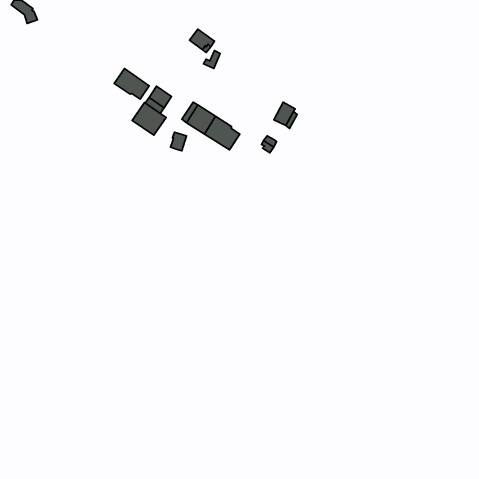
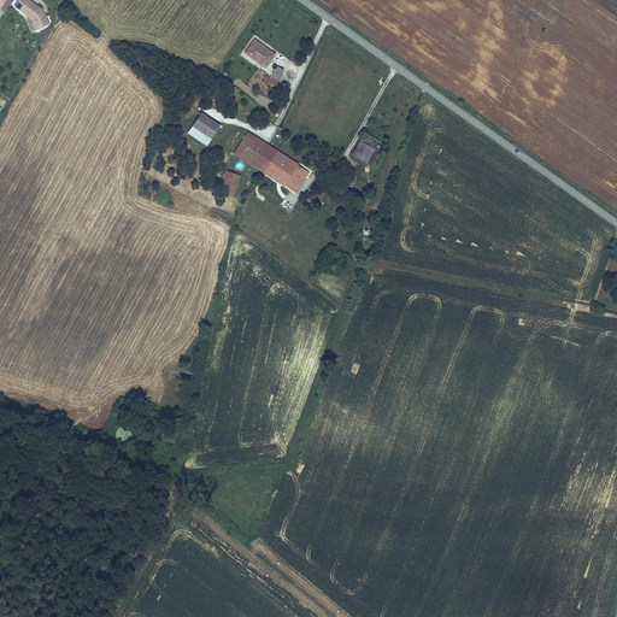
building: [114,69,149,99] -> none
building: [132,103,166,135] -> none

